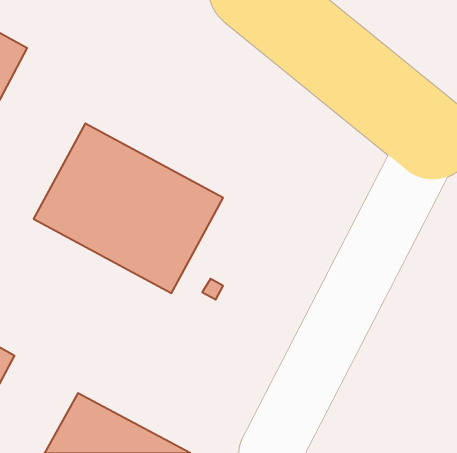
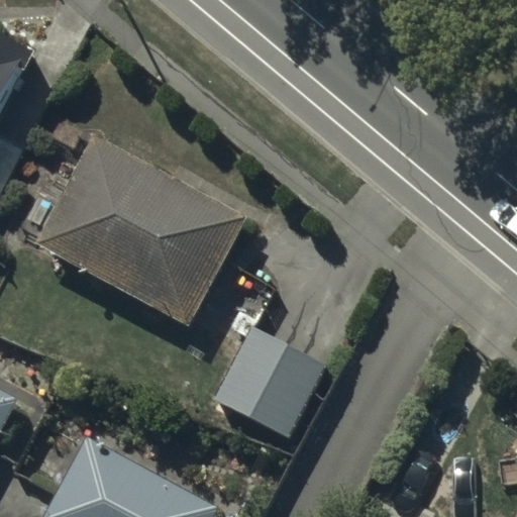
building: none -> [213,327,324,437]

